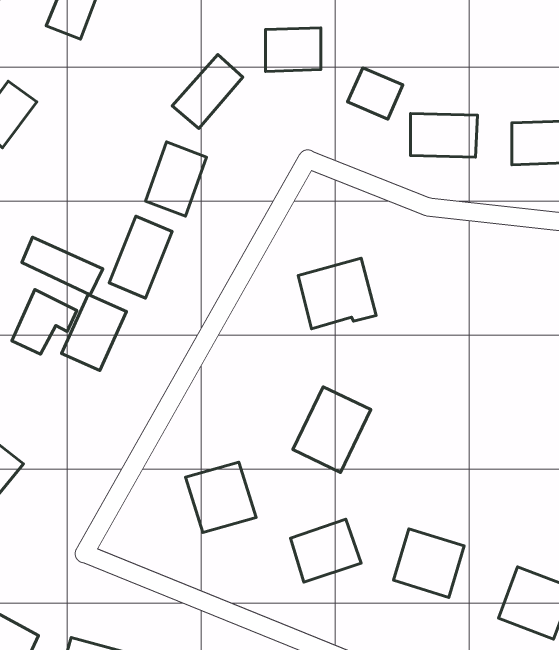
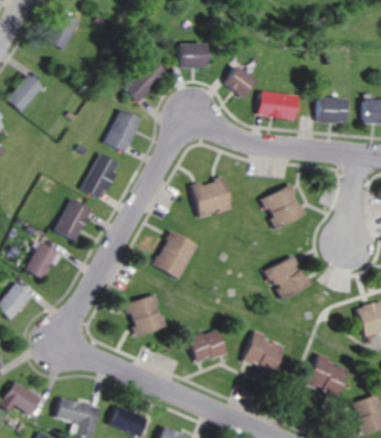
building: [22,237,103,295] -> none
building: none -> [266,184,309,228]
building: [12,289,77,354] -> [28,242,65,279]
building: [293,387,371,472] -> [155,231,200,280]
building: none -> [272,256,314,299]

